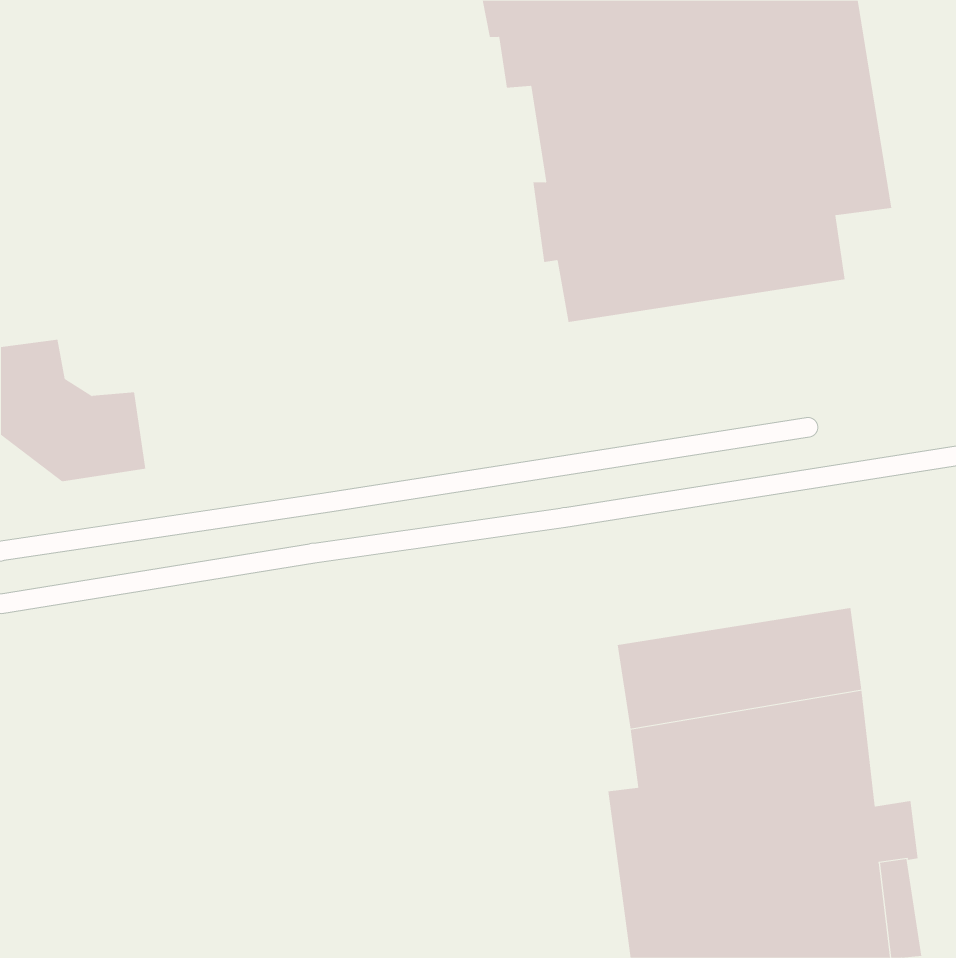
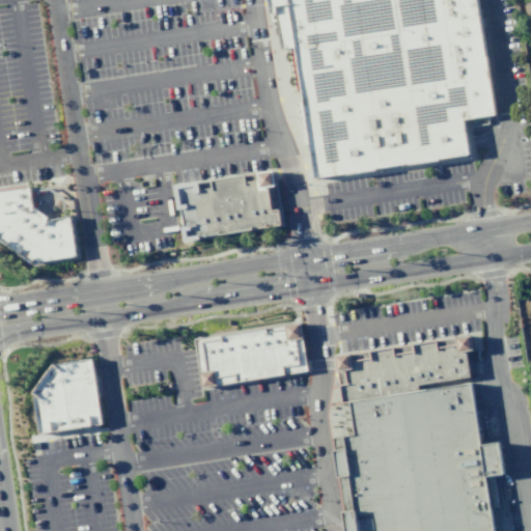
building: none -> [185,171,289,244]
building: none -> [196,324,311,388]
building: none -> [33,359,108,436]

